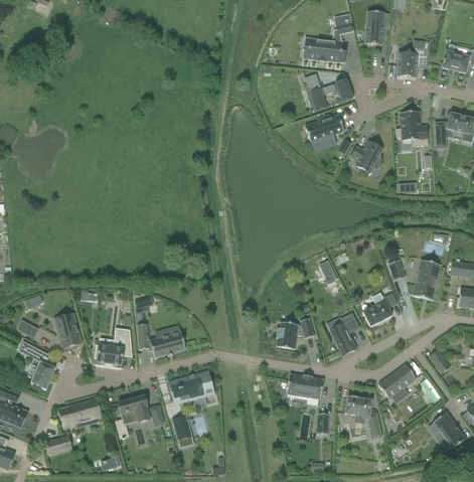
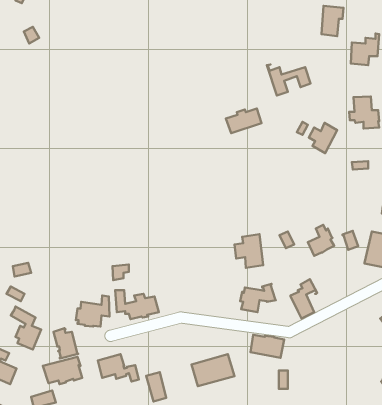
building: [303,14,351,61] -> none
building: [304,114,343,141] -> [226,109,261,133]
building: none -> [234,234,263,268]
building: [362,292,391,326] -> [308,225,334,256]
building: [54,314,82,347] -> [54,328,78,358]
building: [378,363,416,397] -> none
building: [167,369,214,405] -> [191,354,234,386]
building: [344,395,377,429] -> none

